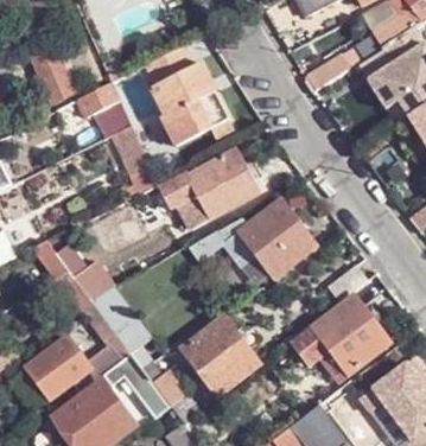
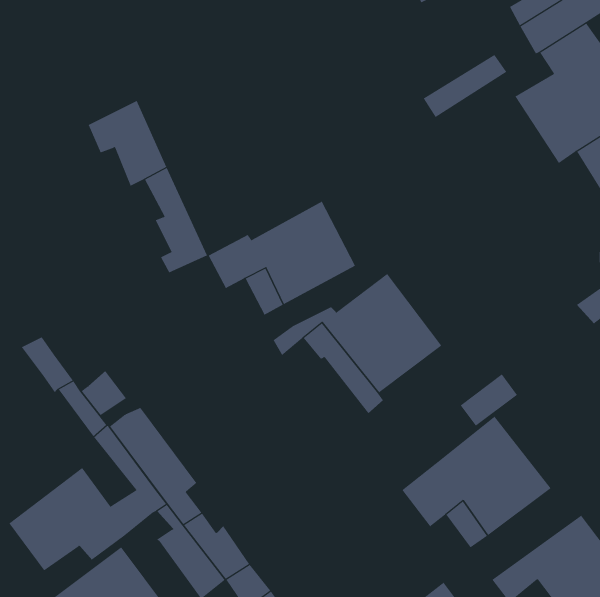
building: [30,43,72,102] -> none
building: [146,43,233,148] -> none
building: [183,316,261,394] -> none

